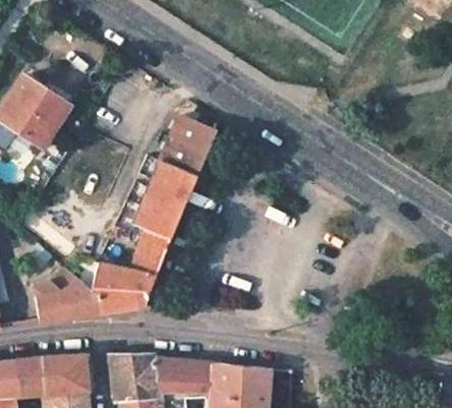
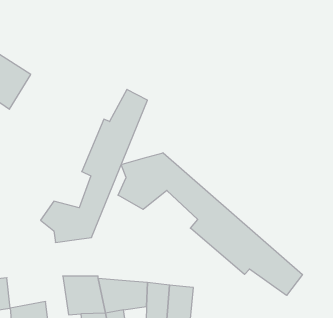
building: none -> [118,153,302,295]
building: [35,274,99,322] -> none
building: [39,354,87,394] -> none

